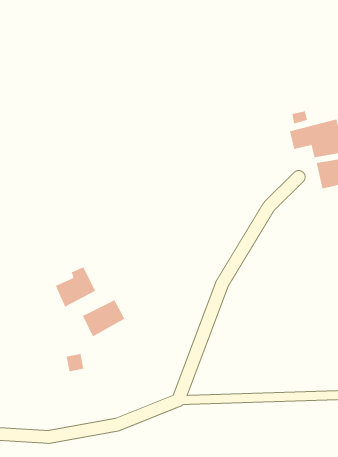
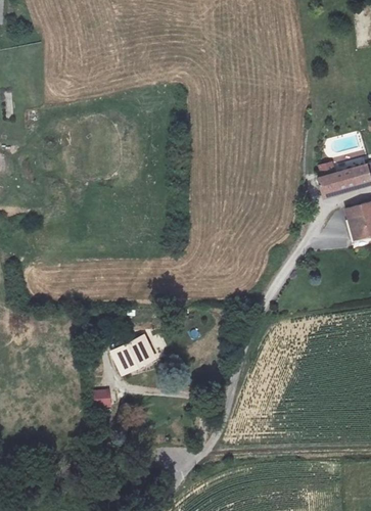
building: [55,267,96,307] -> none

